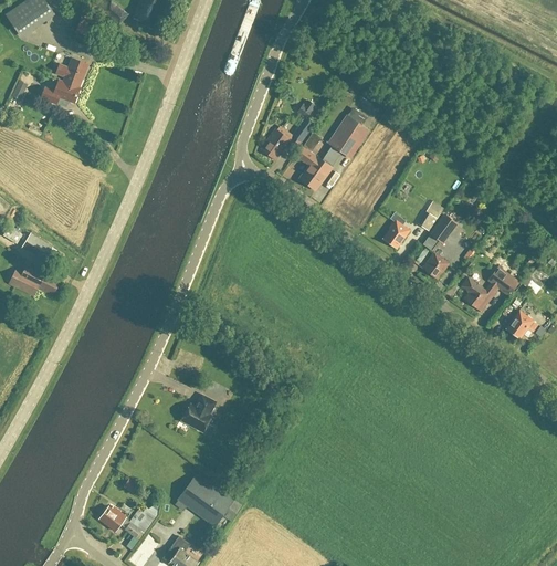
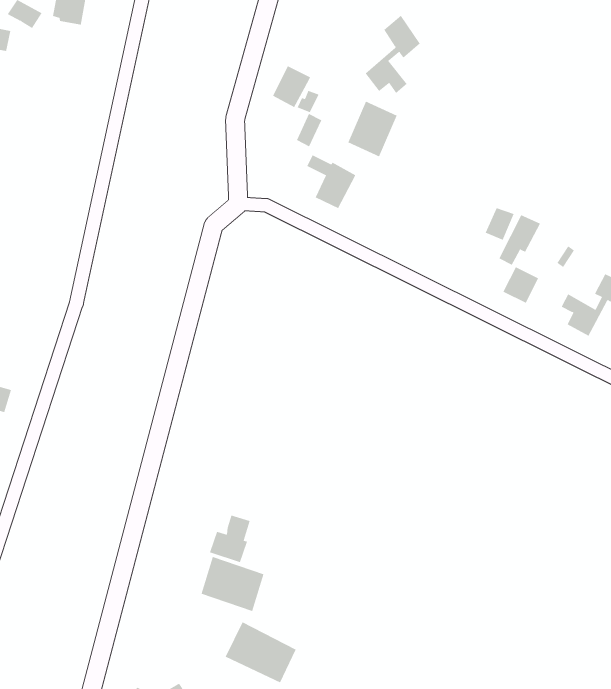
building: none -> [365,15,421,94]
building: [261,128,291,159] -> [272,65,311,108]
building: [381,212,410,249] -> none
building: none -> [201,556,264,612]

